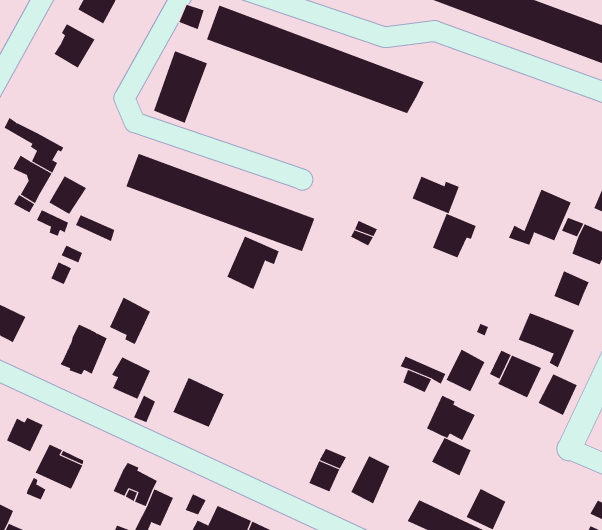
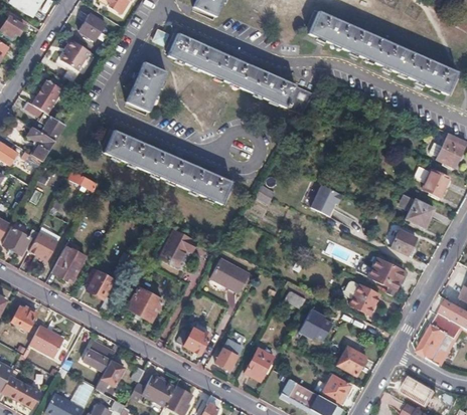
building: none -> [33,79,62,113]
building: [49,175,87,215] -> none
building: [412,176,460,214] -> none
building: [508,189,571,245] -> none
building: [227,236,280,290] -> [160,229,197,266]
building: [109,297,151,345] -> [29,229,58,262]
building: none -> [211,258,251,292]
building: [446,349,485,392] -> none
building: [538,374,578,416] -> none
building: none -> [177,327,210,354]
building: [431,437,472,476] -> [338,348,366,375]

